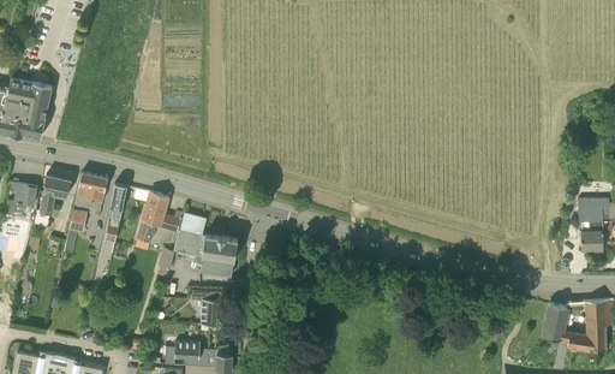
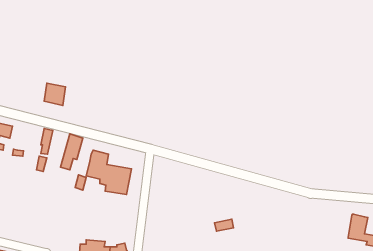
building: [78,172,108,203] -> [44,83,66,105]
building: [191,290,227,325] -> none

